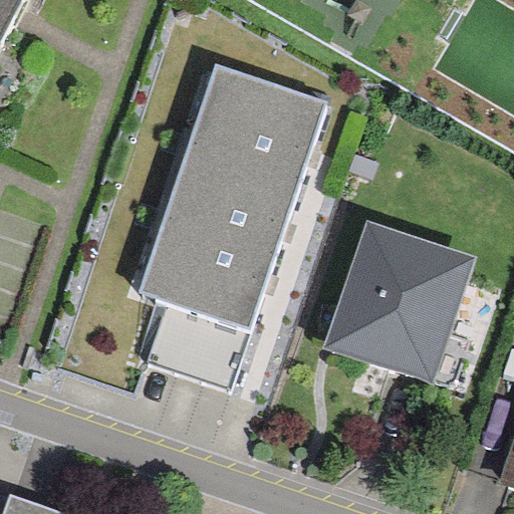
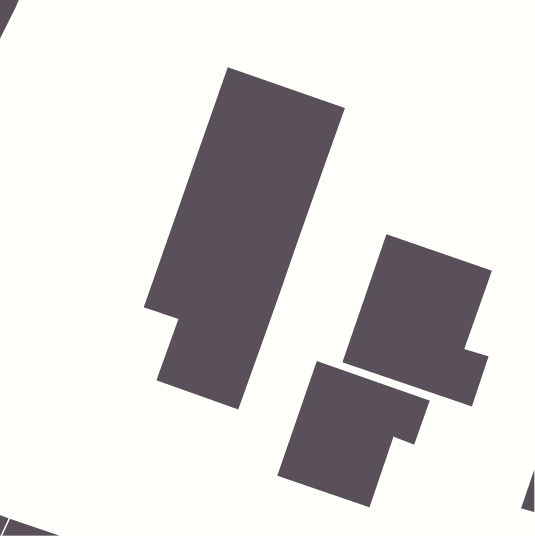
building: none -> [276,360,431,508]

